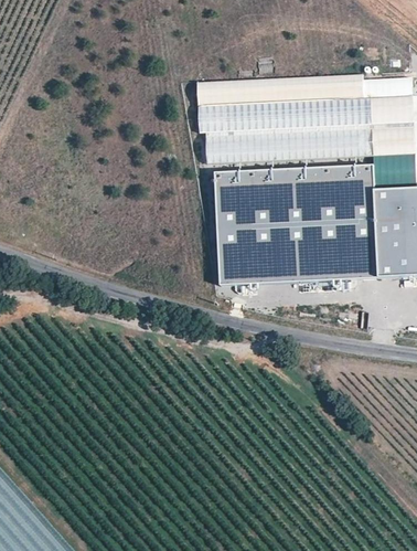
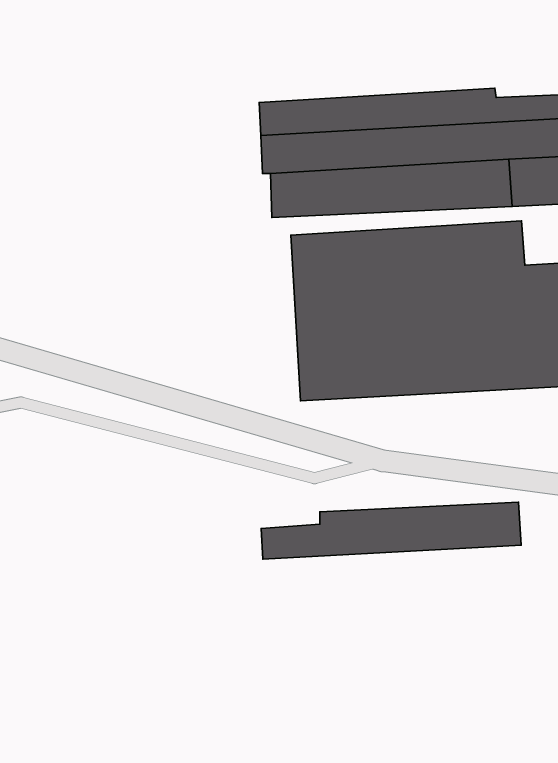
building: none -> [261,502,521,559]

